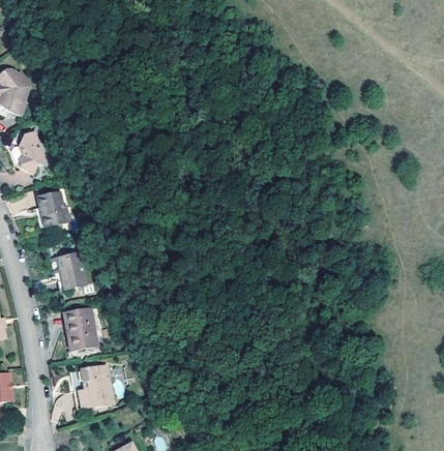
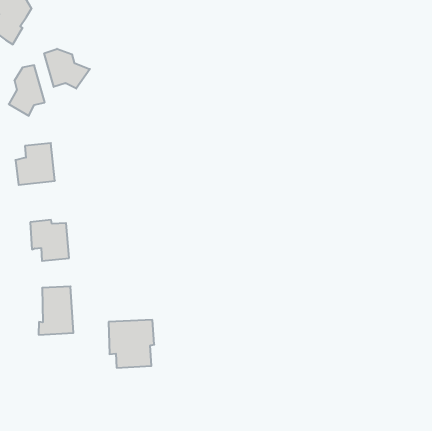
building: none -> [44,49,90,89]
building: [67,366,107,409] -> [109,320,154,368]

